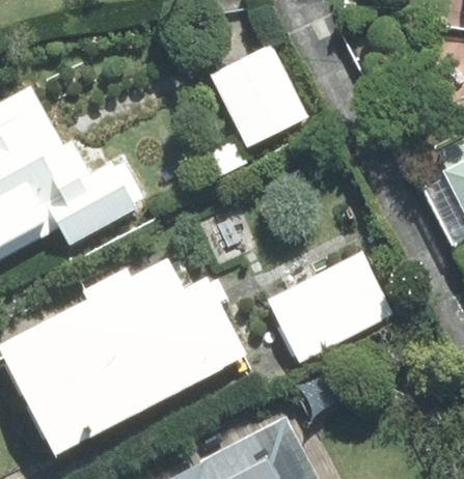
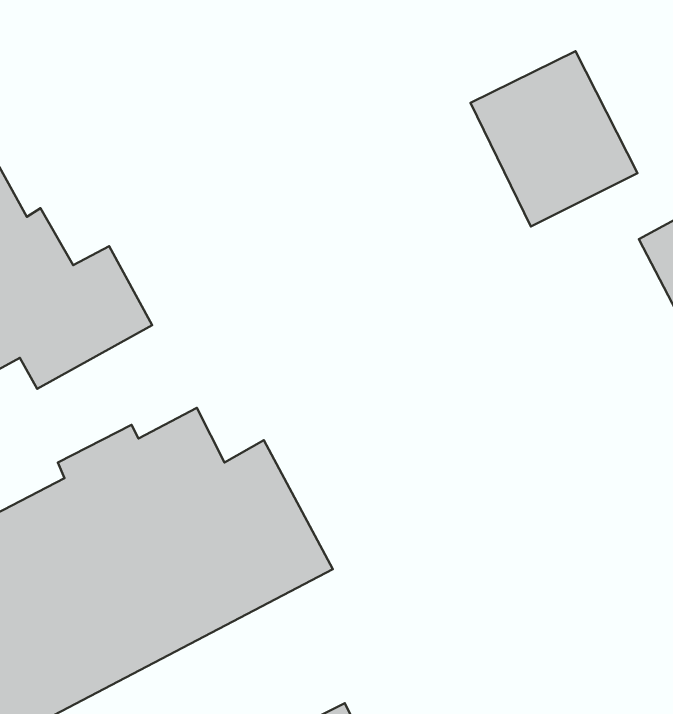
building: [209,43,309,148] -> [471,51,637,226]
building: [266,252,393,362] -> none

